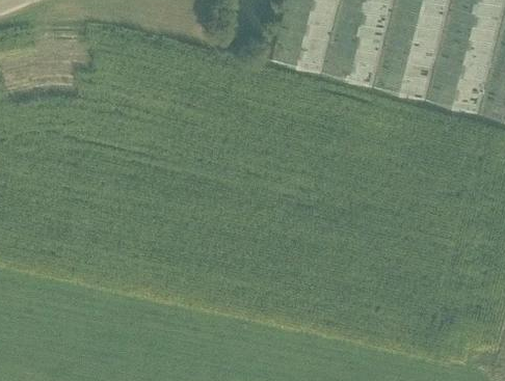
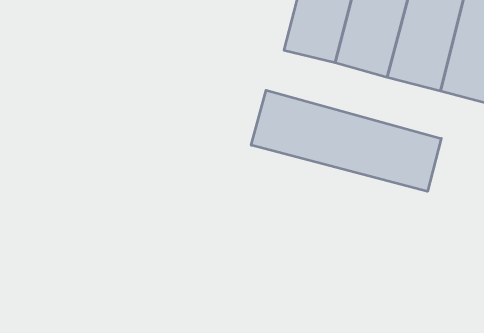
building: none -> [251,90,441,191]

